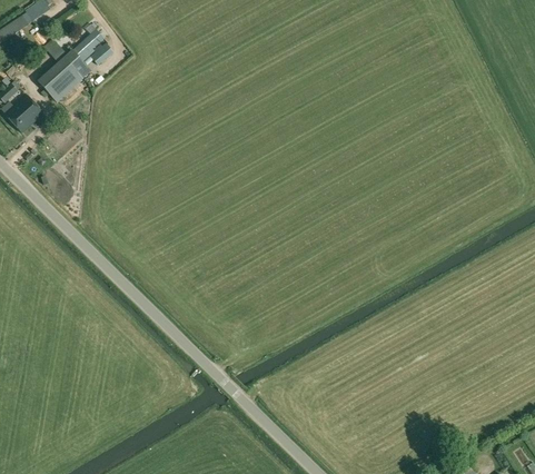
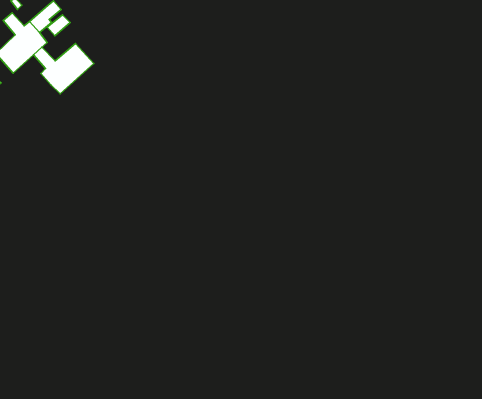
building: none -> [33,43,94,94]

